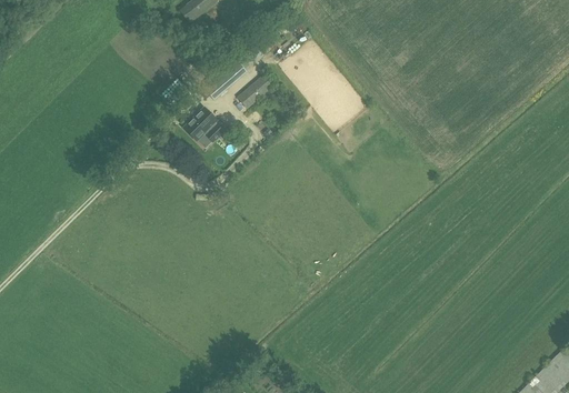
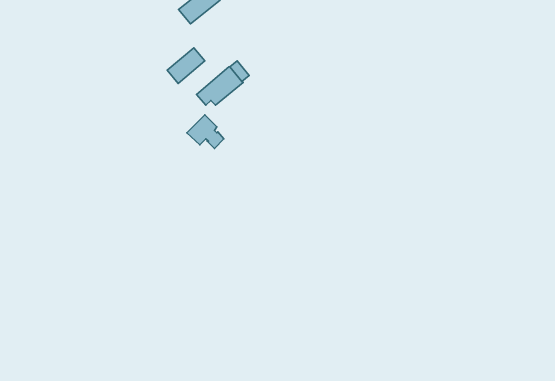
building: none -> [167,48,205,84]
building: [238,73,274,109] -> none

